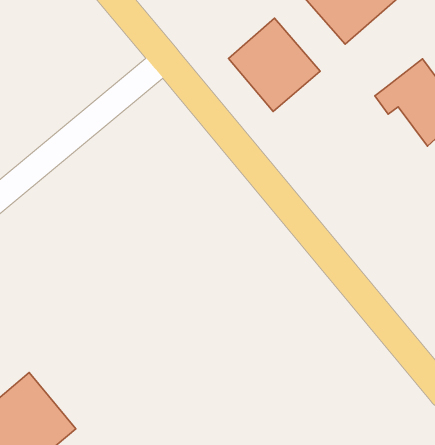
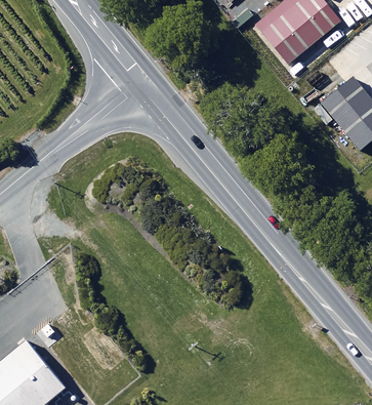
building: [229,18,320,111] -> none

